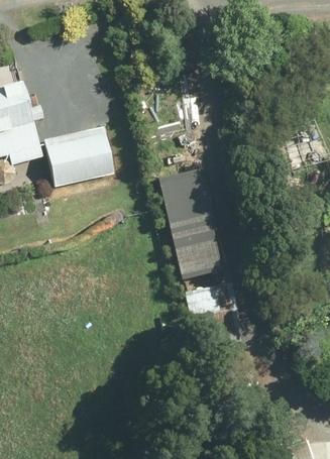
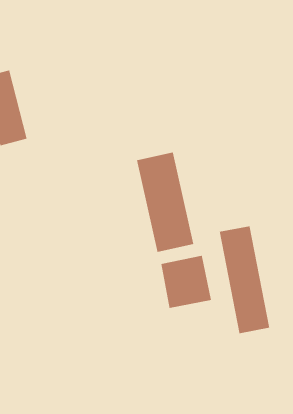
building: [44,126,115,186] -> none
building: none -> [219,225,270,334]

